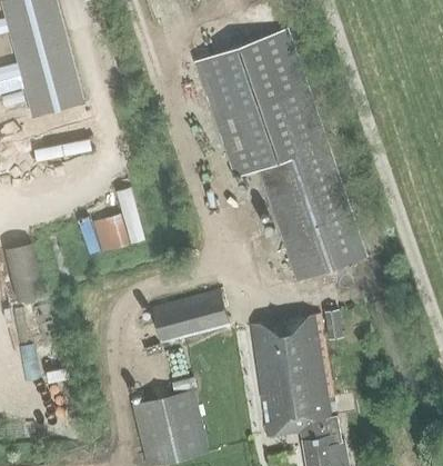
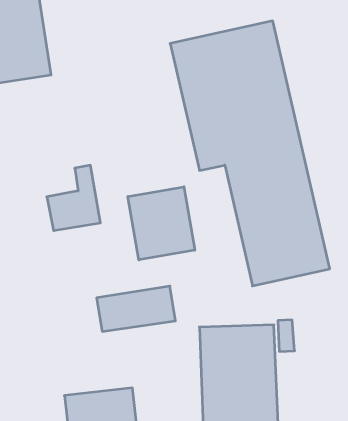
building: none -> [128,187,195,260]

